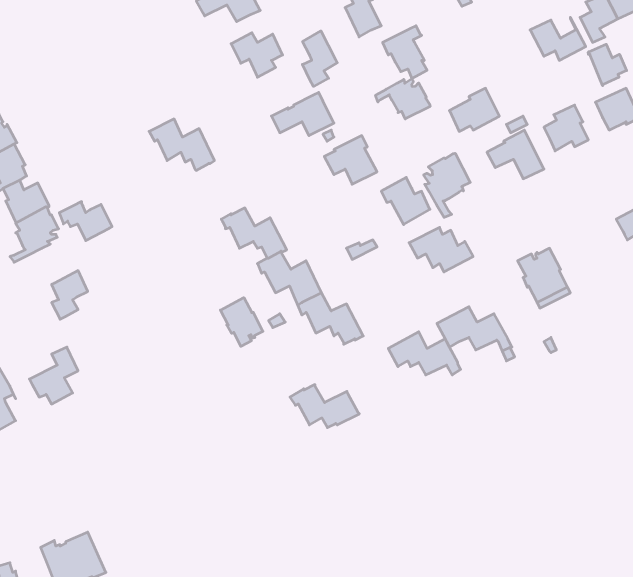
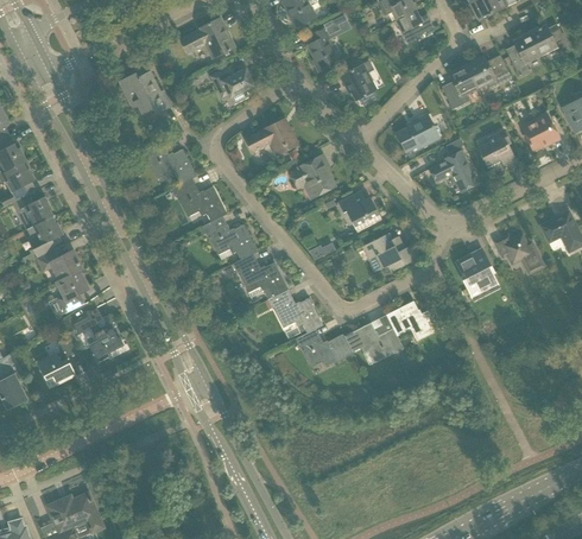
building: none -> [439,64,476,109]
building: [302,31,337,86] -> none
building: none -> [119,71,169,113]
building: [588,44,627,86] -> none
building: [376,79,430,119] -> none
building: [424,153,470,217] -> none
building: none -> [170,178,226,222]
building: [59,202,112,241] -> [36,247,81,280]
building: none -> [498,234,543,273]
building: [220,298,263,346] -> none
building: none -> [70,306,119,362]
building: [290,385,359,428] -> [293,328,353,364]

